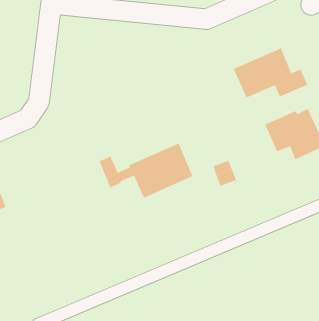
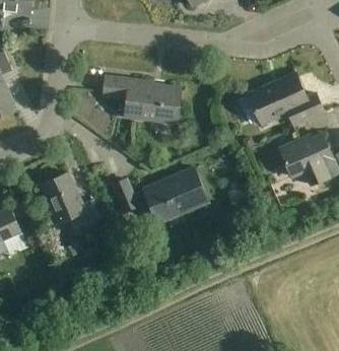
building: none -> [104,75,182,122]
building: none -> [41,171,101,226]

